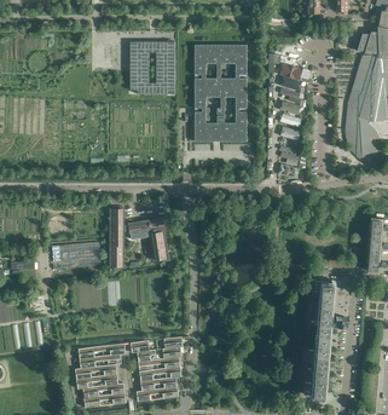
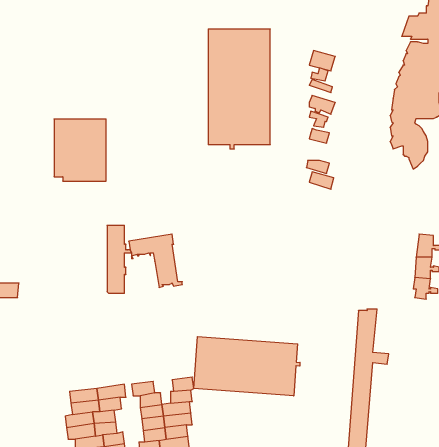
building: [129,41,173,93] -> [54,119,106,181]
building: [51,242,100,269] -> none
building: none -> [194,337,300,396]

